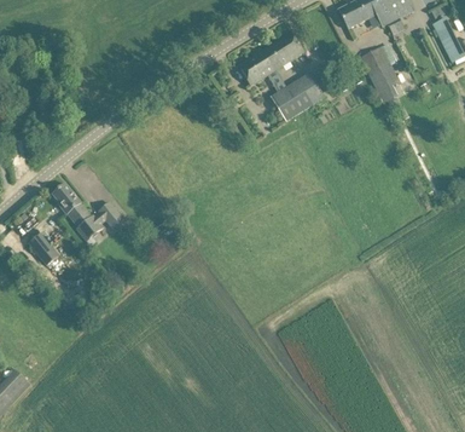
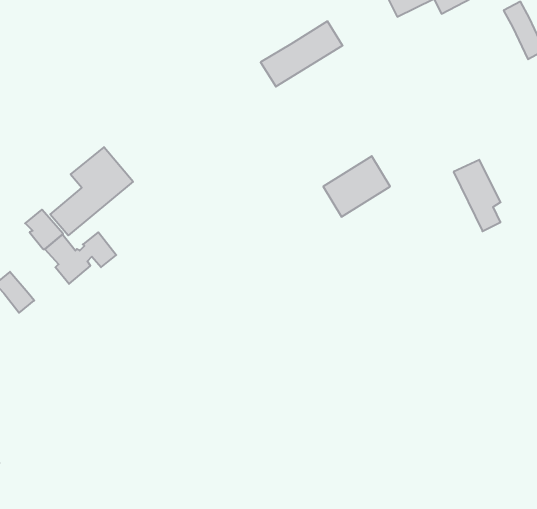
building: [361,47,399,104] -> [454,160,501,231]
building: [272,73,325,121] -> [323,156,390,217]
building: none -> [50,147,133,235]

